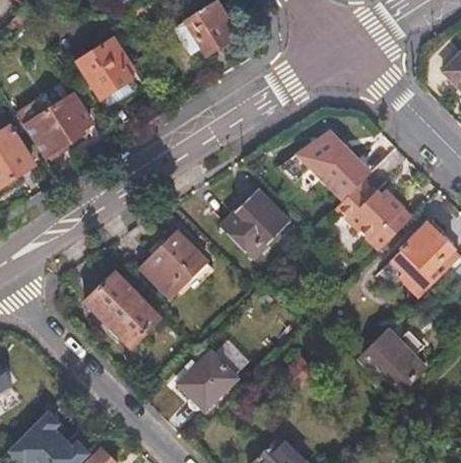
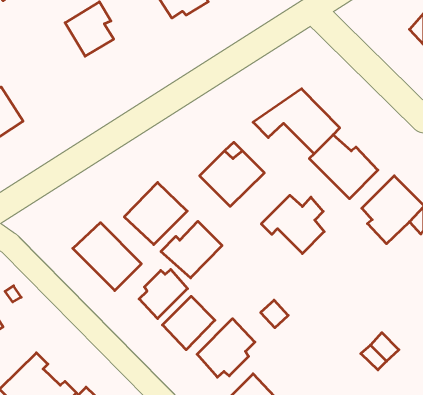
building: [15,94,90,157] -> none
building: none -> [161,221,222,278]
building: none -> [139,269,188,319]
building: [356,327,423,389] -> [261,195,324,254]
building: none -> [197,319,255,377]

